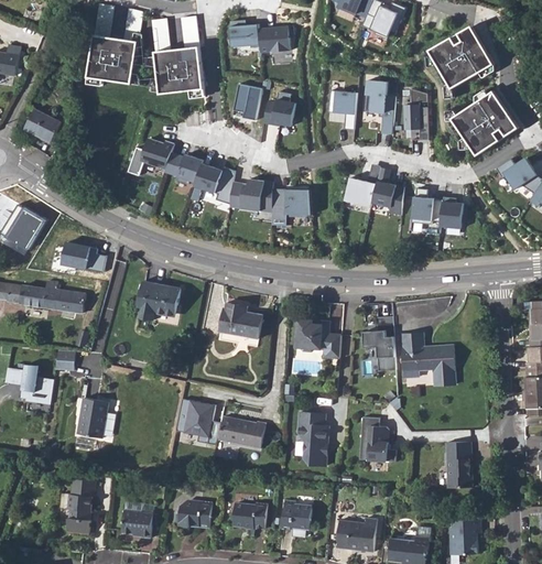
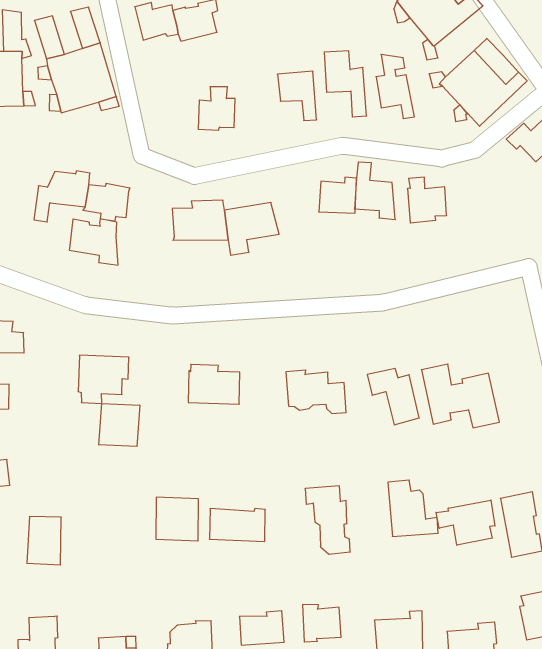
building: [232,85,261,121] -> none
building: [195,162,235,203] -> [69,219,118,265]
building: [441,196,464,228] -> none
building: none -> [99,404,140,446]
building: none -> [436,500,495,545]

